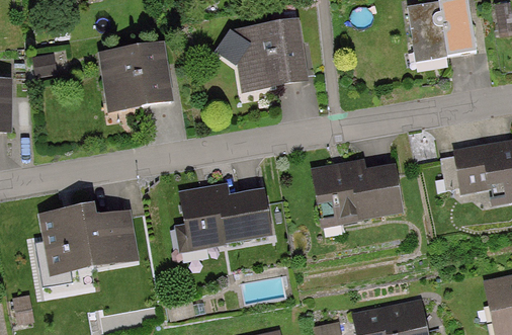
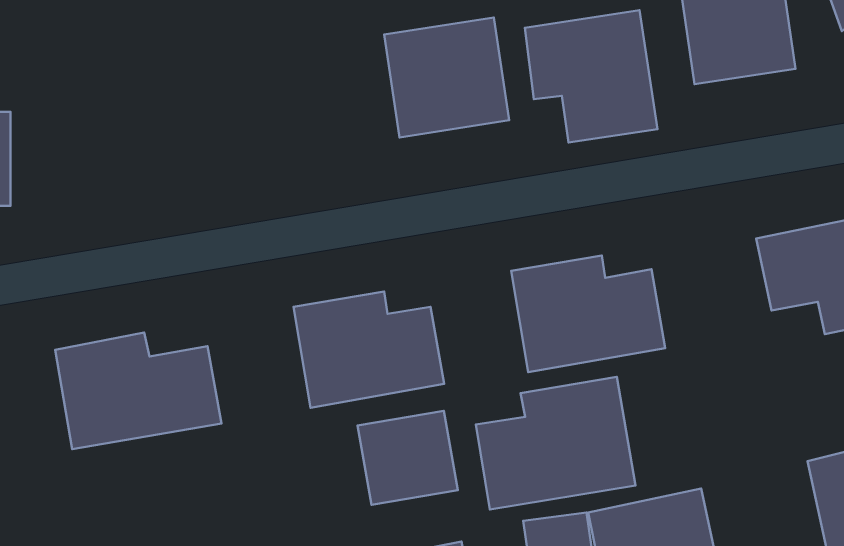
building: none -> [525,10,658,142]
building: [100,43,175,111] -> none
building: none -> [476,377,635,509]
building: none -> [357,411,458,505]

